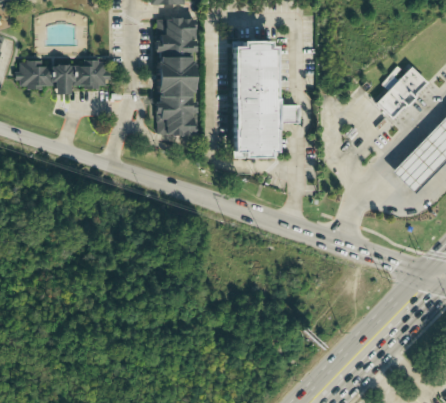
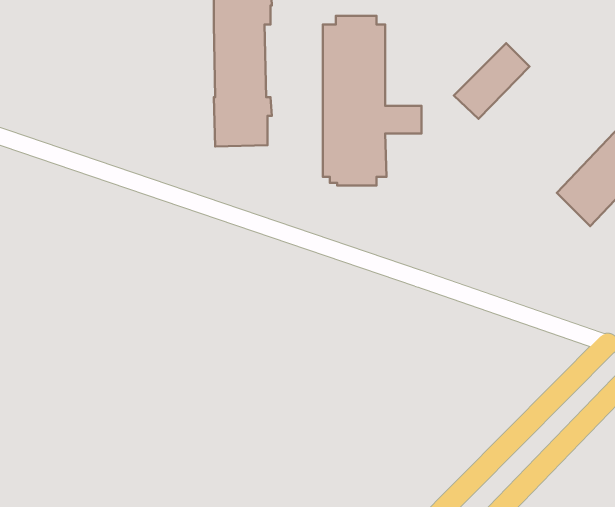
building: [20,59,110,93] -> none
building: [378,61,430,113] -> [454,43,529,119]

